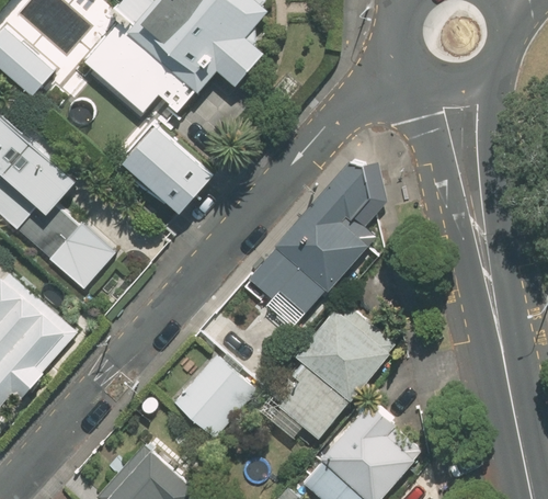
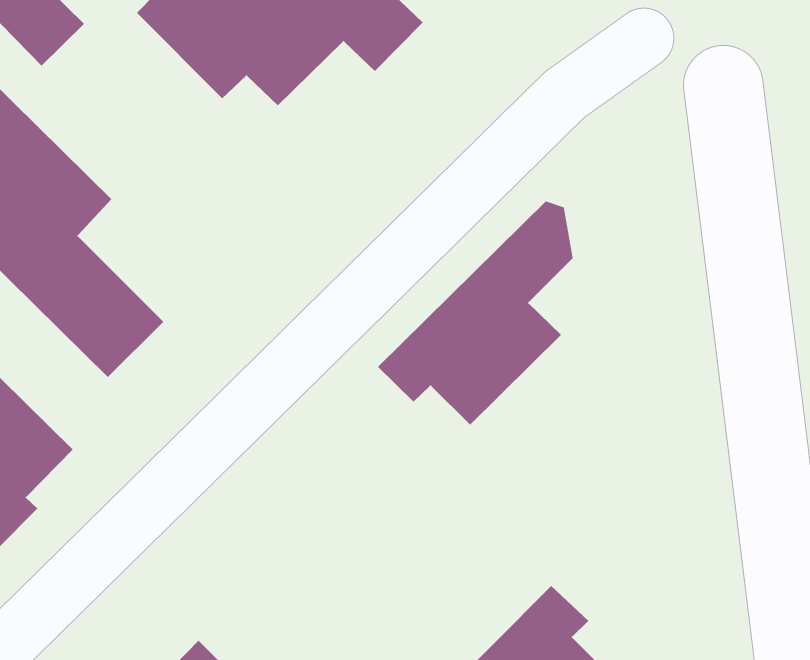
building: [122,126,213,215] -> none
building: [265,302,398,439] -> none
building: [174,354,255,436] -> none

